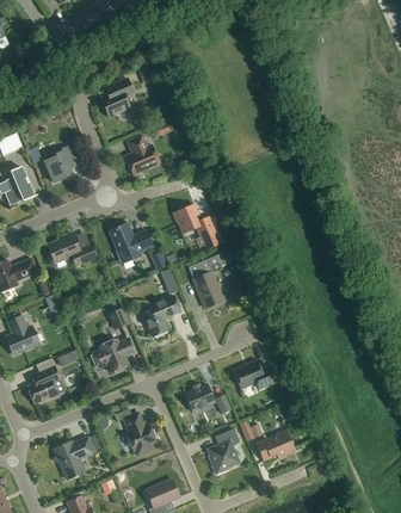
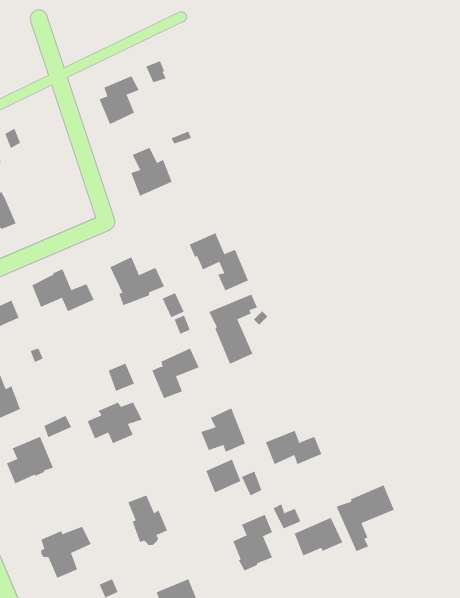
building: [44,146,76,183] -> none
building: none -> [200,408,246,453]
building: none -> [336,484,395,552]

